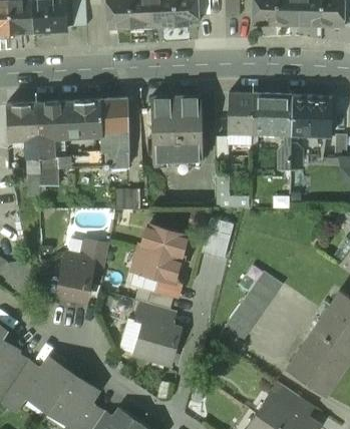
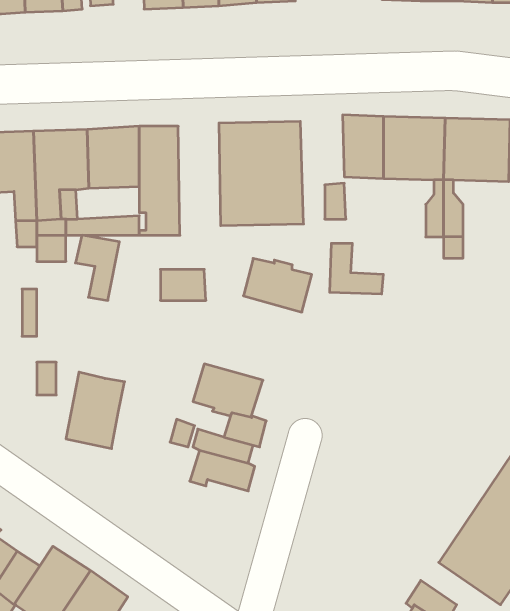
building: [142,225,185,258] -> [243,258,312,312]
building: [81,240,108,280] -> [75,235,119,300]
building: [224,272,282,343] -> none
building: [134,319,180,363] -> none

